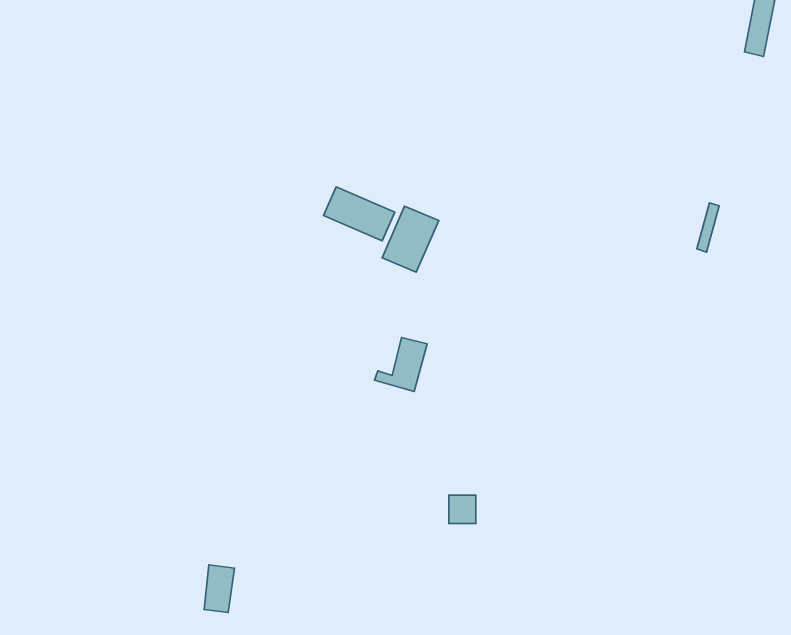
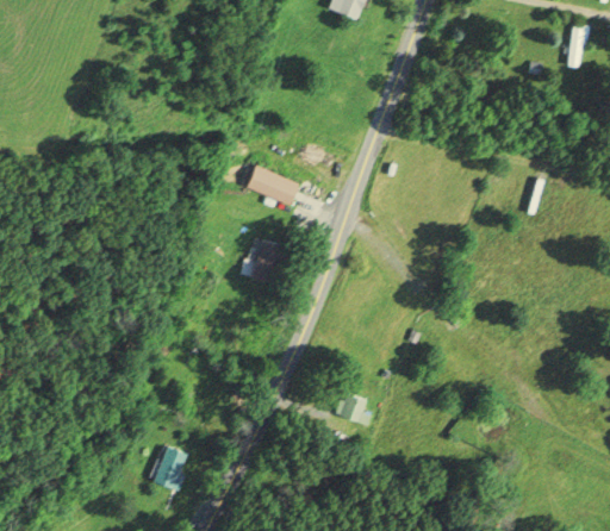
building: [382,206,439,272] -> none
building: [375,337,427,391] -> [242,240,281,281]

